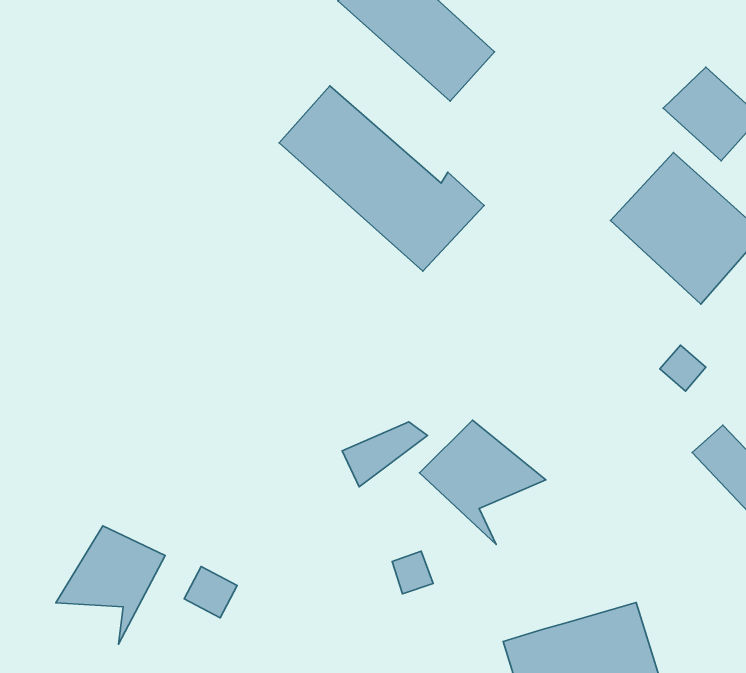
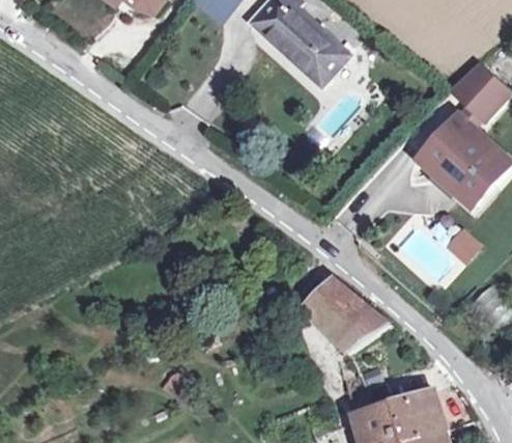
building: [279,86,484,271] -> none
building: [342,422,427,487] -> [336,313,388,353]
building: [56,526,165,644] -> none

